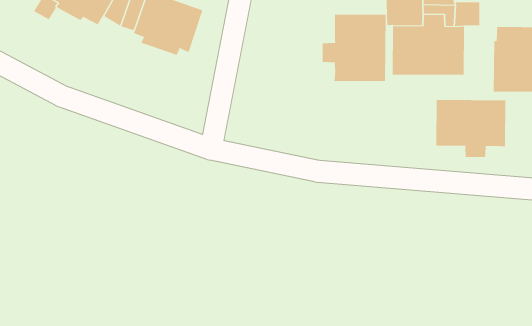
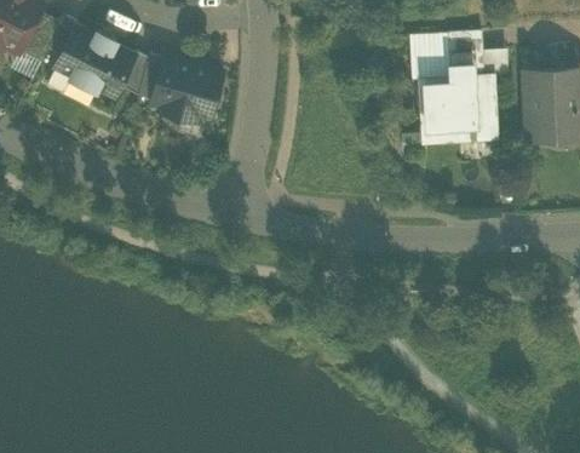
building: [322,14,386,82] -> none
building: [436,99,506,158] -> none

